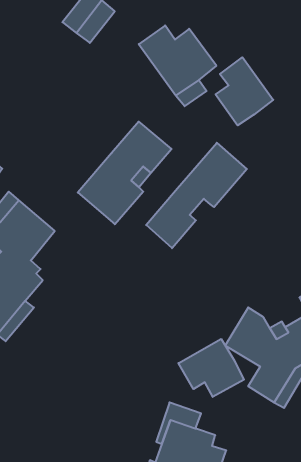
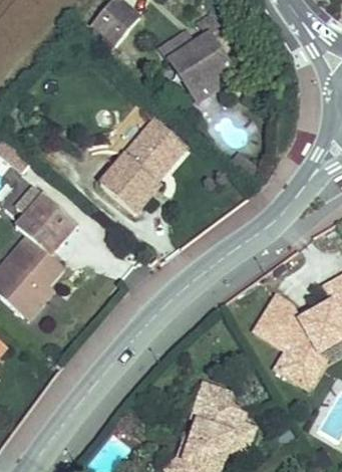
building: [216,57,273,125] -> none
building: [146,143,247,248] -> none
building: [178,339,244,397] -> none

